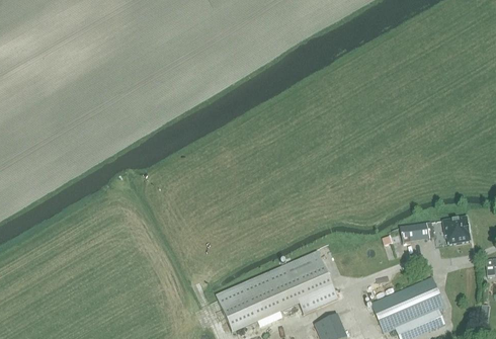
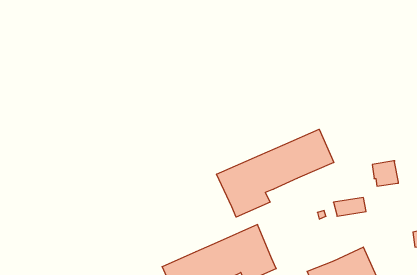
building: none -> [217,129,334,217]
building: [443,217,472,244] -> [372,161,398,186]

